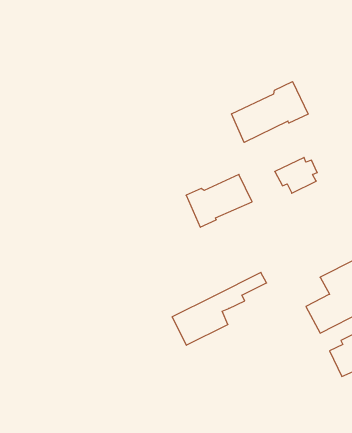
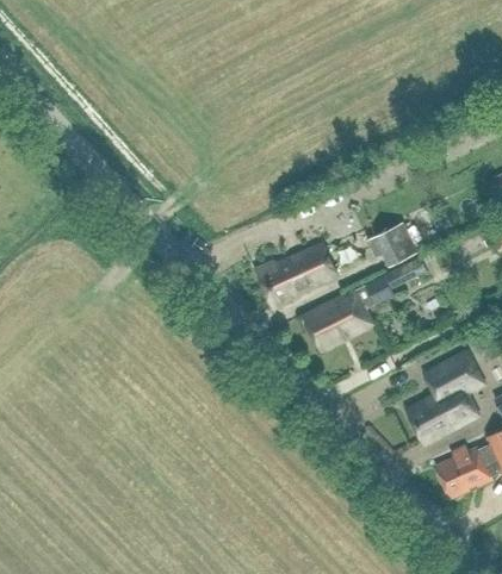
building: [232,82,308,142] -> none
building: [172,272,267,345] -> [303,260,422,351]

